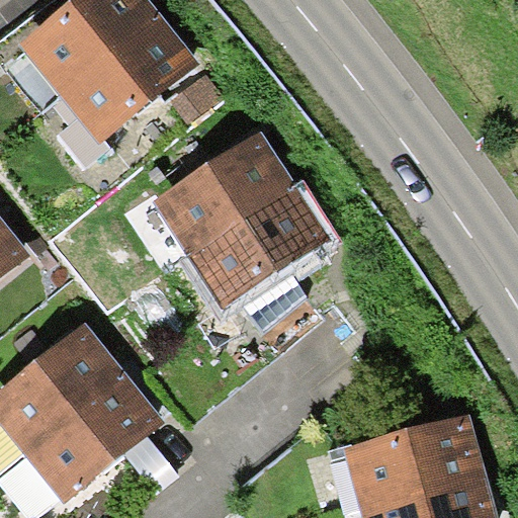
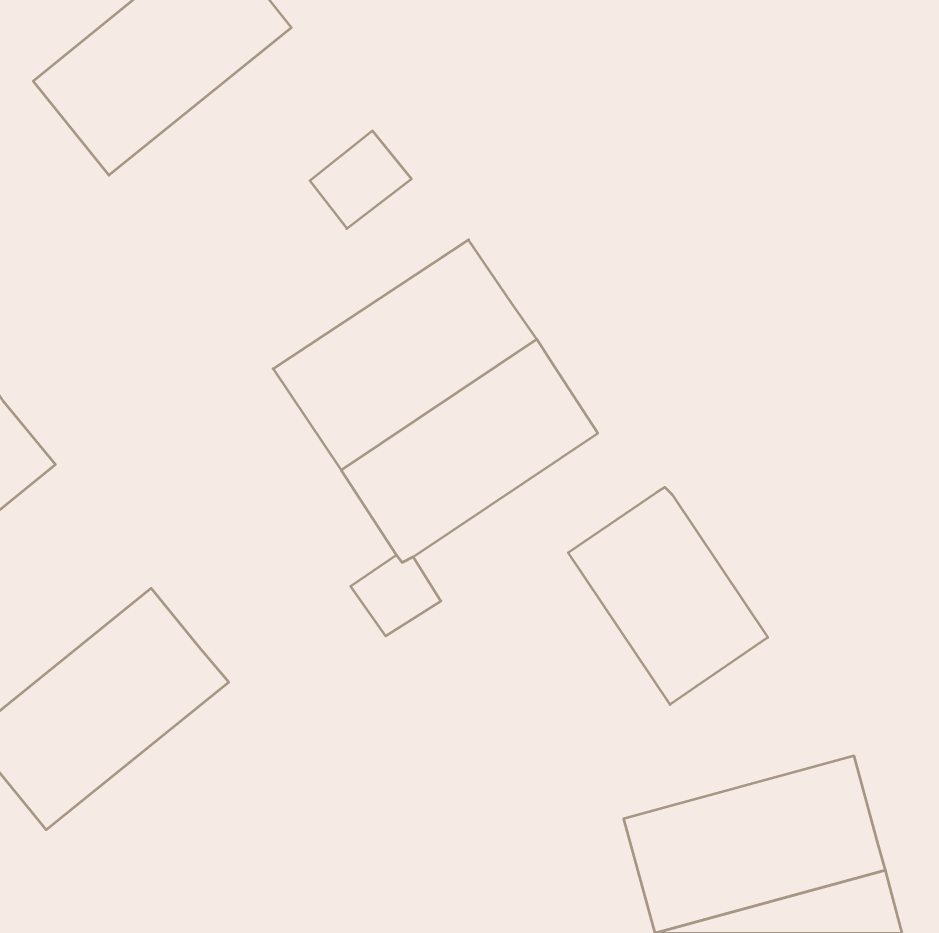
building: [60,15,198,144] -> none
building: none -> [568,487,768,705]
building: [25,374,164,503] -> none

